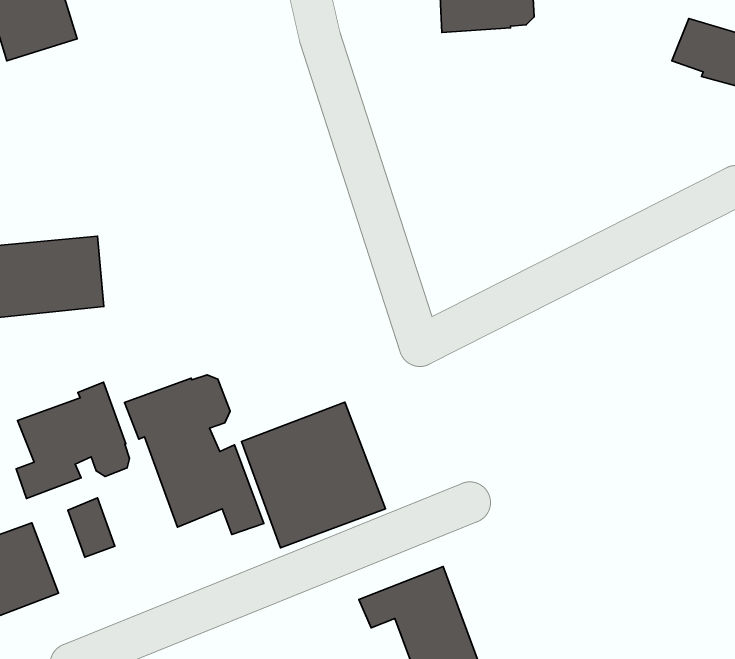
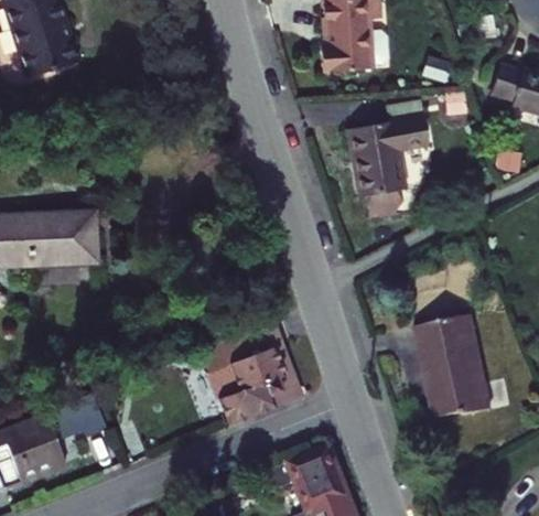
building: none -> [357,115,438,215]
building: none -> [410,309,487,413]
building: [124,375,264,534] -> none
building: [16,382,130,499] -> none

